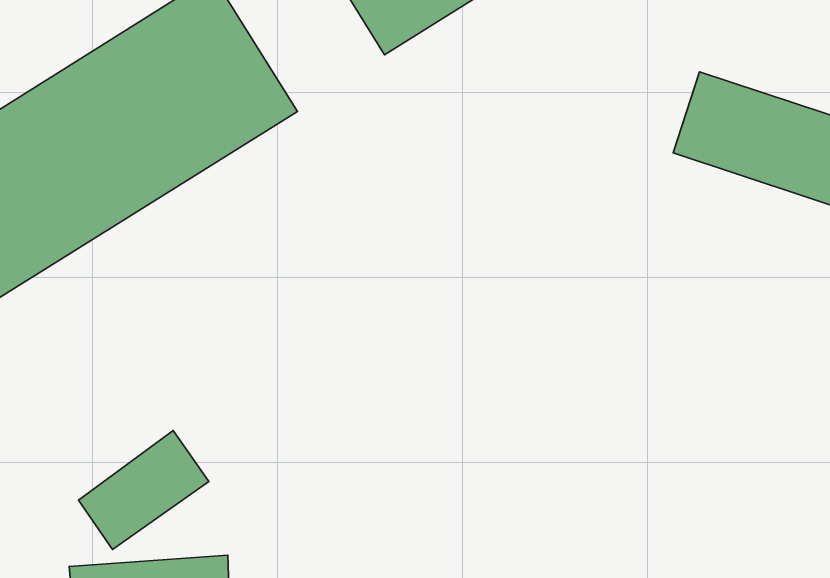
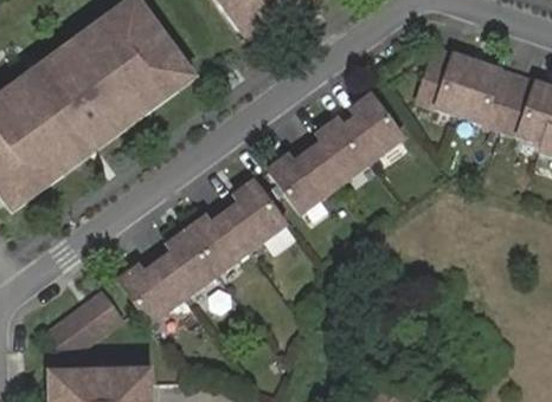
building: none -> [275,100,410,212]
building: none -> [116,177,285,311]

